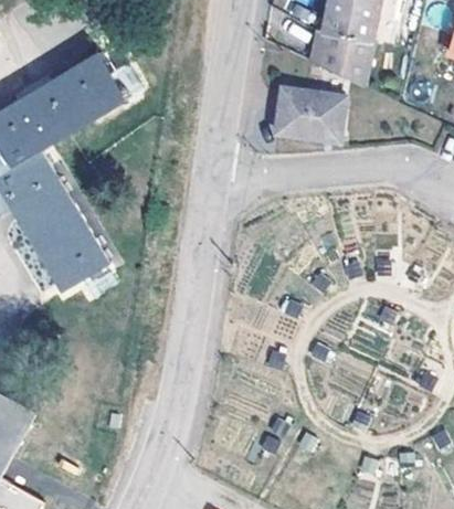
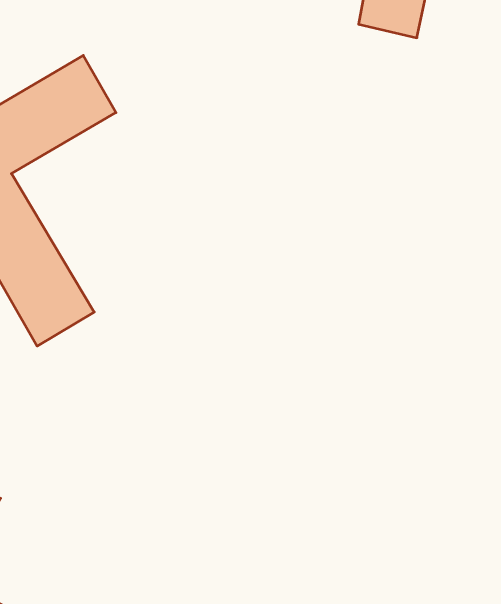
building: [310,28,371,81] -> none
building: [279,84,350,139] -> none

